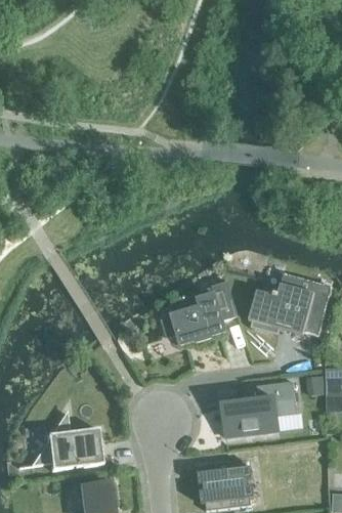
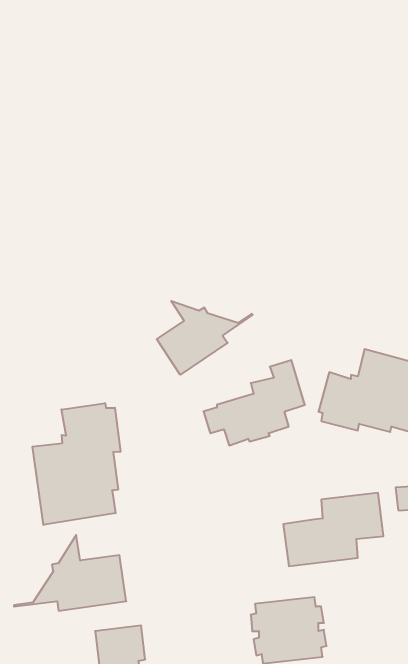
building: none -> [157,301,253,375]
building: none -> [32,403,121,525]

